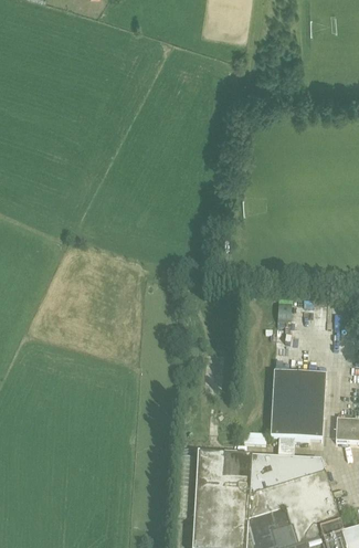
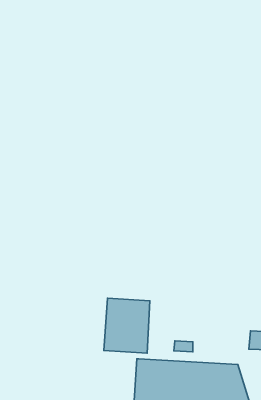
building: [268,371,325,439] -> [104,298,150,353]

